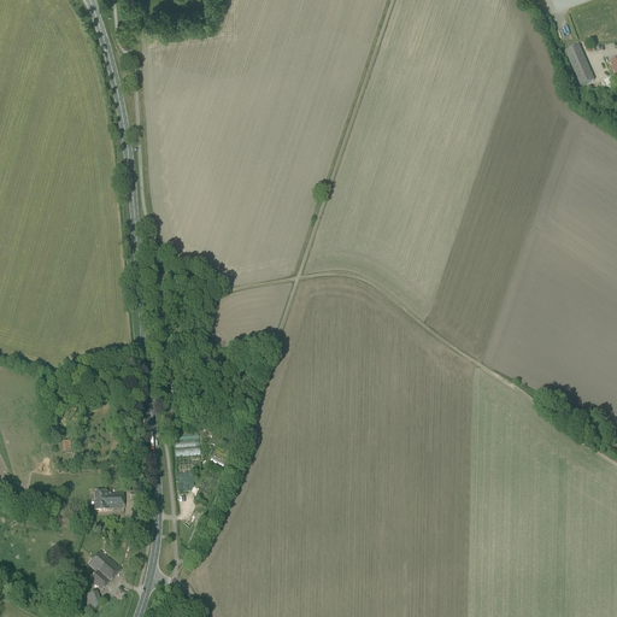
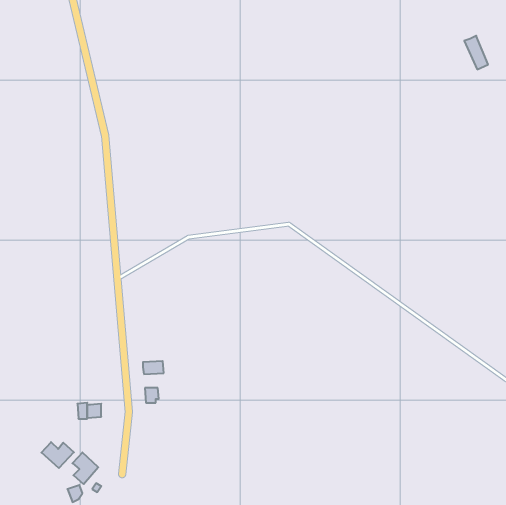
building: none -> [41,442,74,468]

